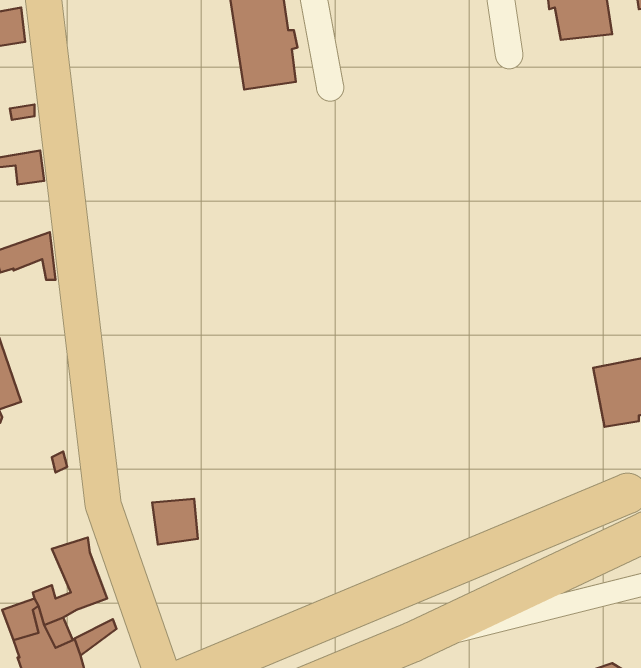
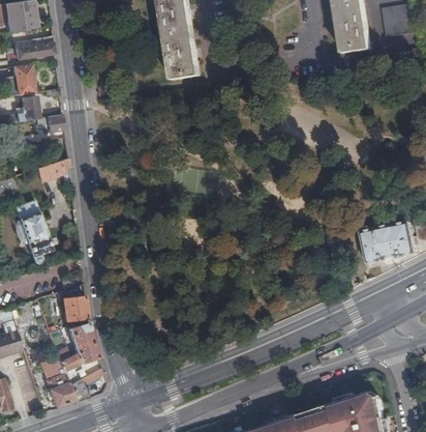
building: [152,499,198,544] -> [60,295,85,320]

